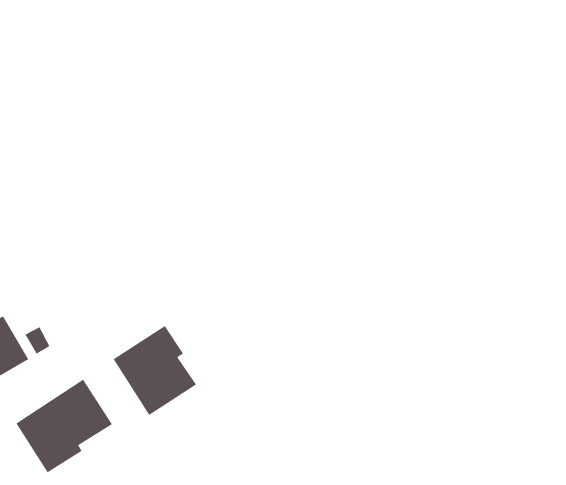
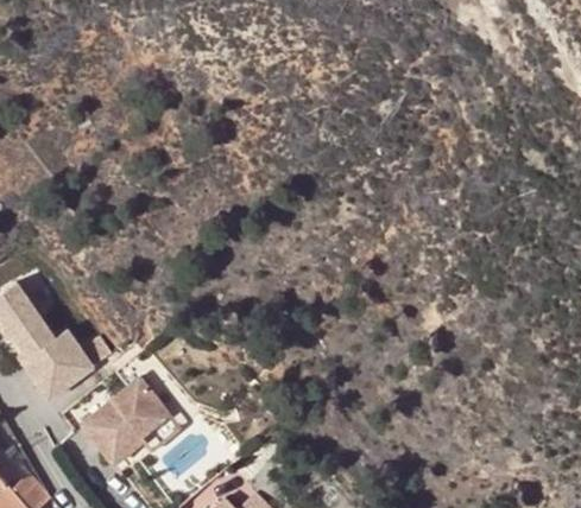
building: [113,325,197,416] -> none

